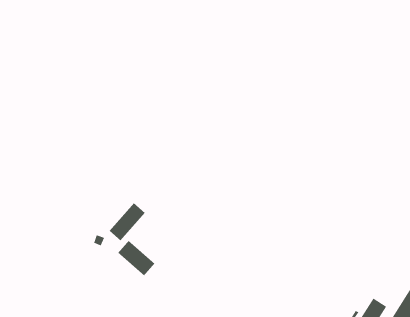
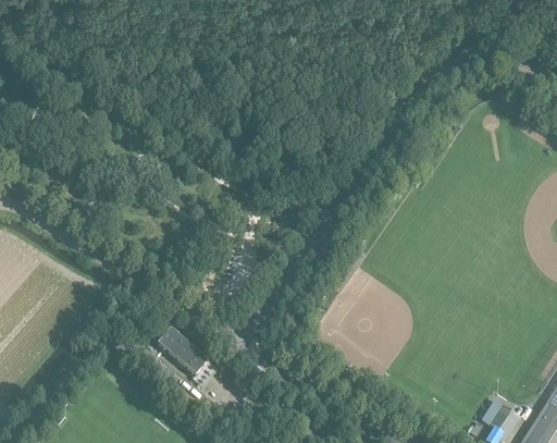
building: [109,202,145,241] -> none

